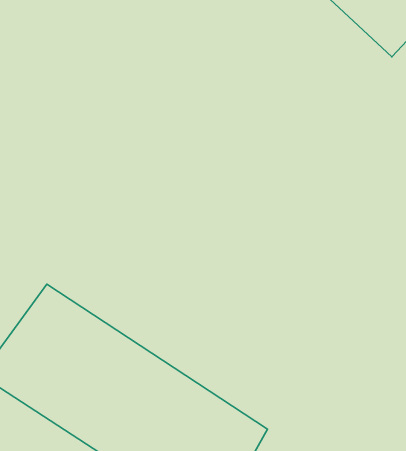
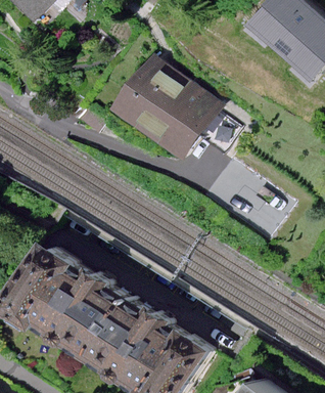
building: none -> [109,56,217,161]

